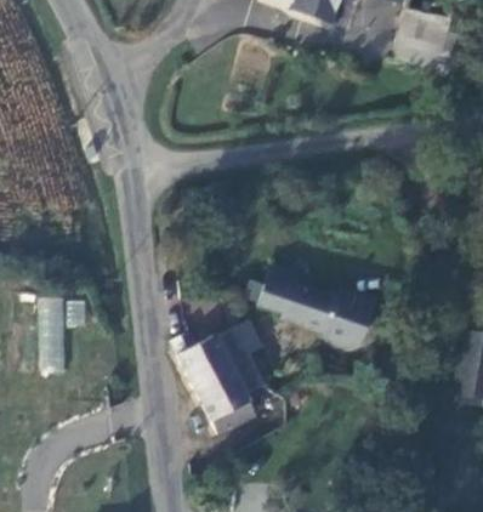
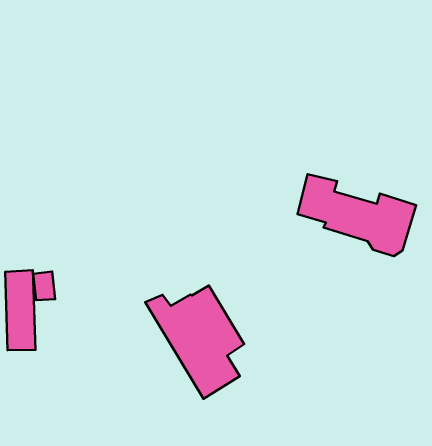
building: [257,266,371,349] -> [297,174,416,256]

